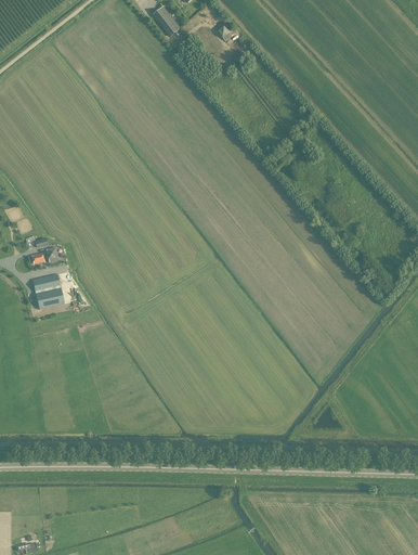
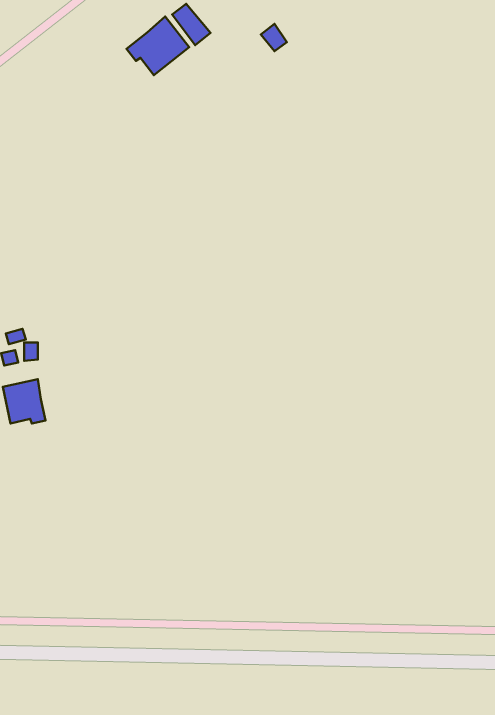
building: none -> [126,17,189,75]

